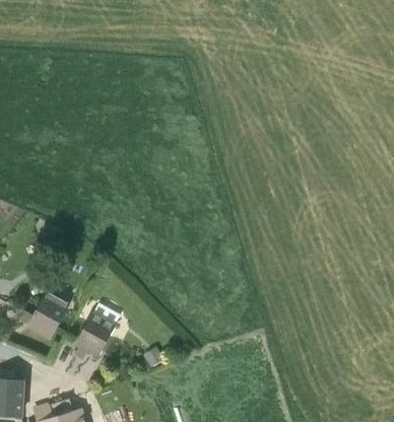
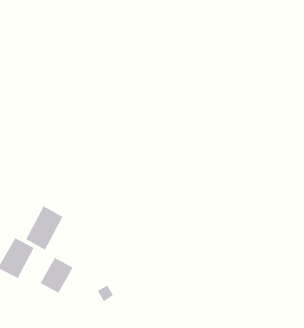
building: none -> [25,206,63,251]

